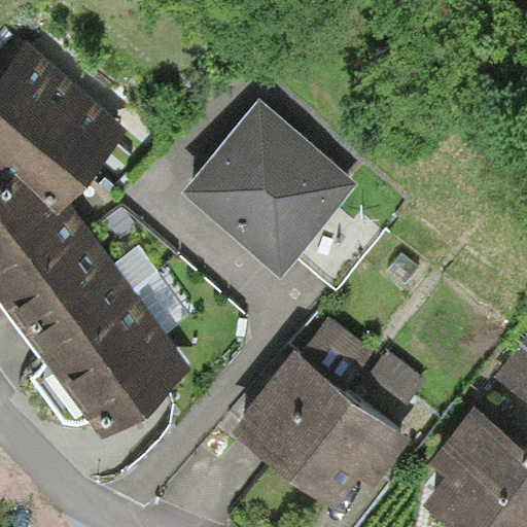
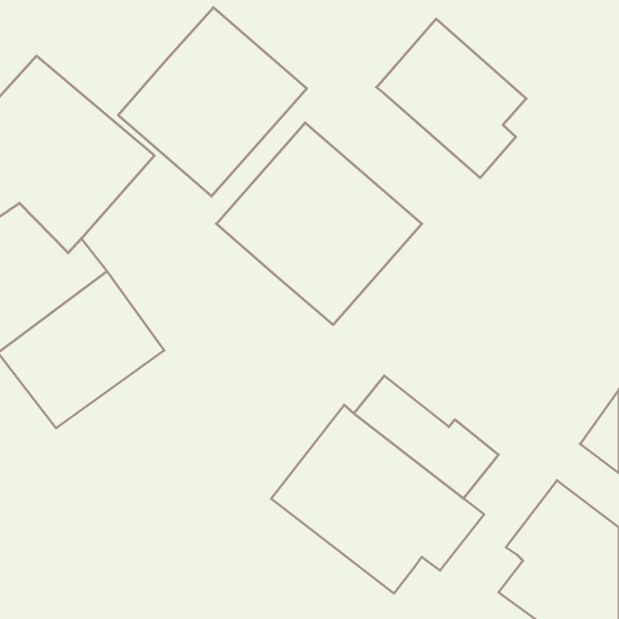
building: none -> [118,7,307,196]
building: none -> [376,19,526,178]
building: [47,298,192,438] -> none

